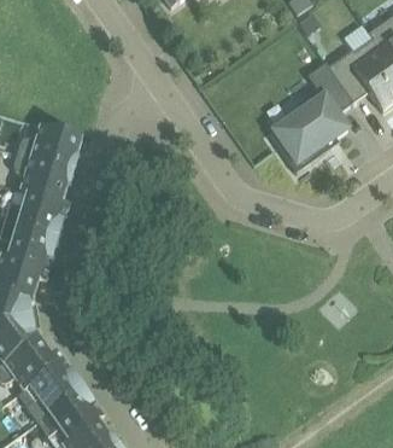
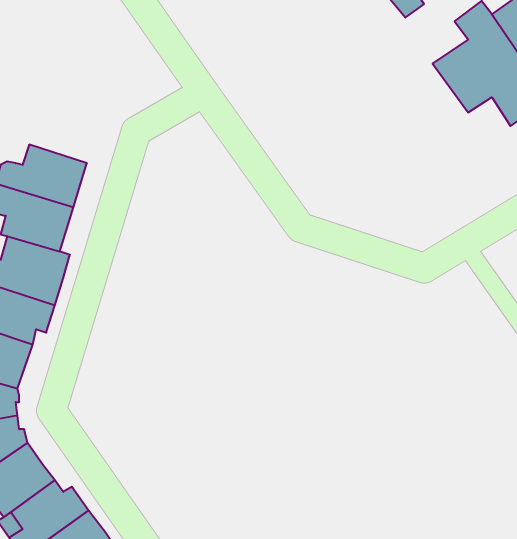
building: [270,64,353,173] -> none

